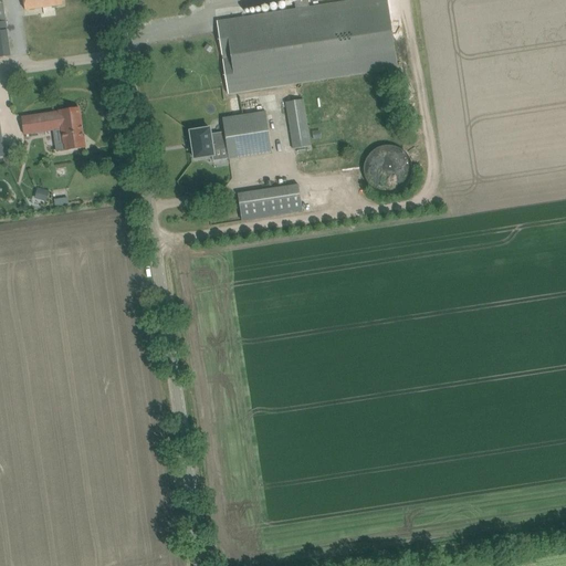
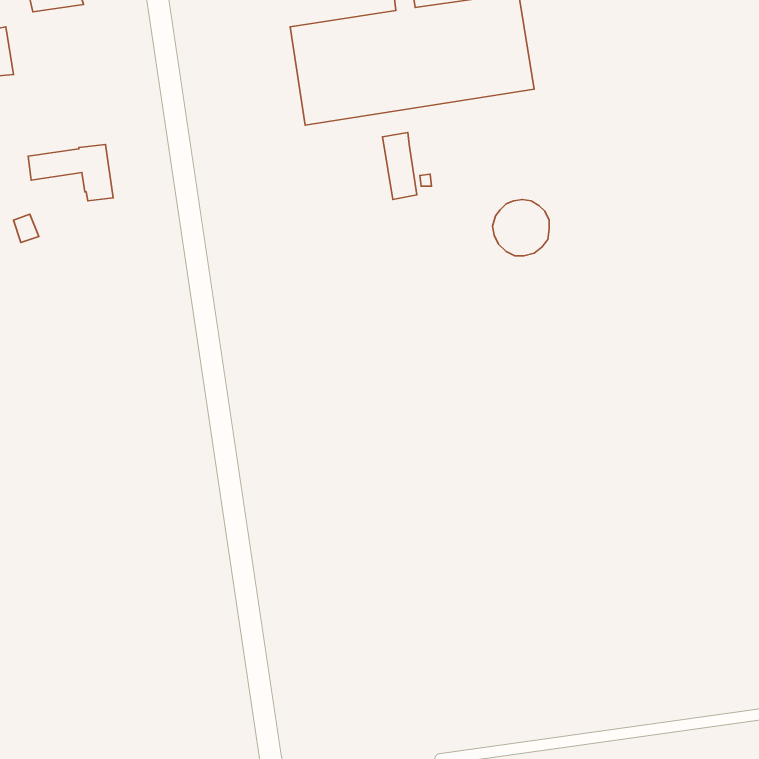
building: [195,111,271,158] -> none
building: [237,182,302,219] -> none

